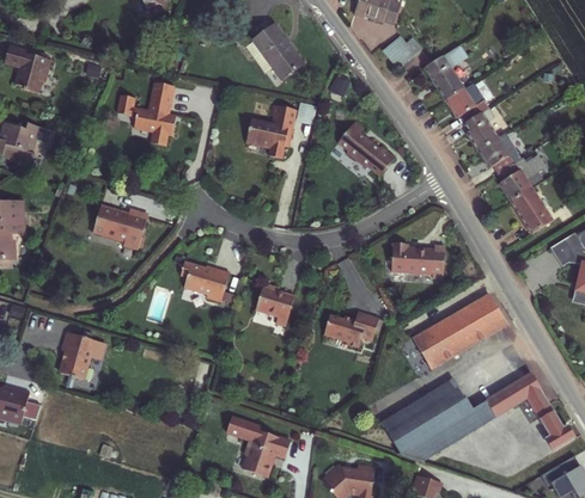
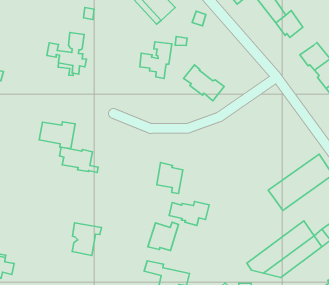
building: [465,107,499,147] -> none
building: [341,123,398,177] -> [183,65,224,101]
building: [395,241,449,276] -> none
building: [182,260,236,301] -> [60,147,98,172]
building: [322,308,380,344] -> [169,201,209,225]
building: [56,331,102,380] -> [72,223,102,255]
building: none -> [148,222,179,250]

